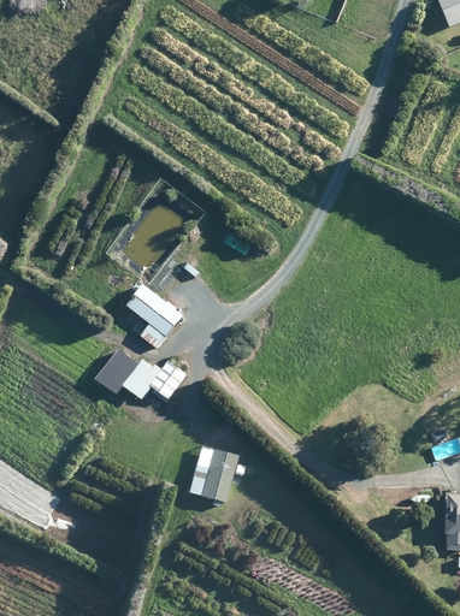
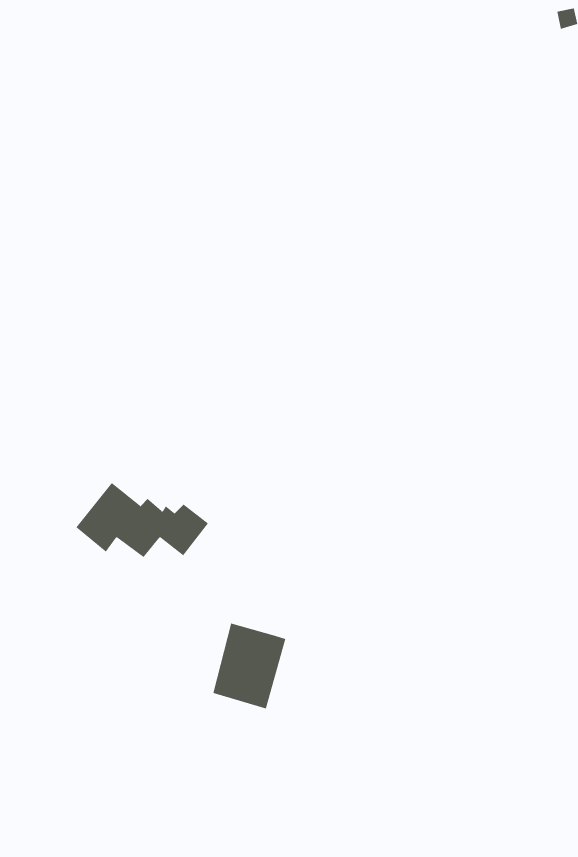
building: [128,285,184,349] -> none

